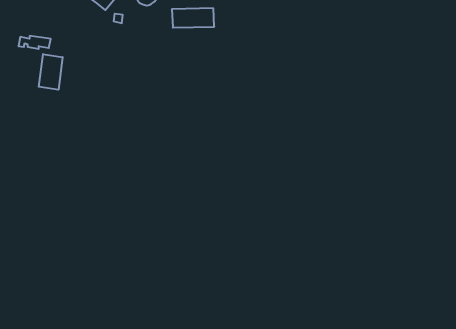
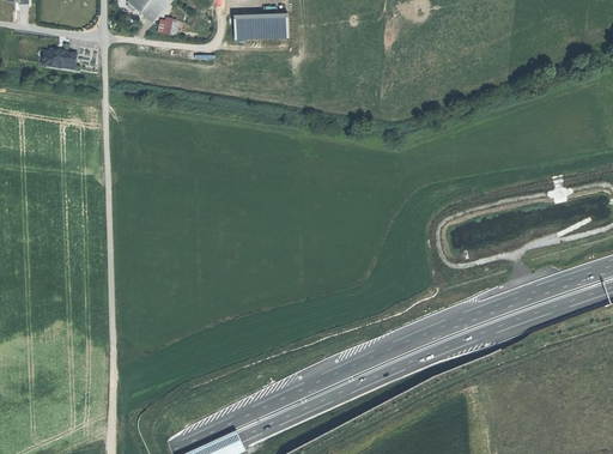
building: [39,54,63,90] -> none

